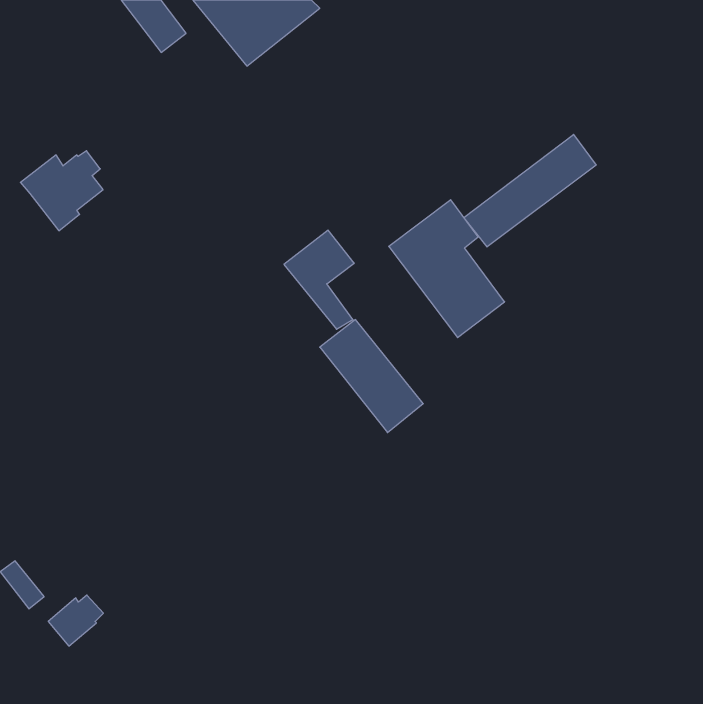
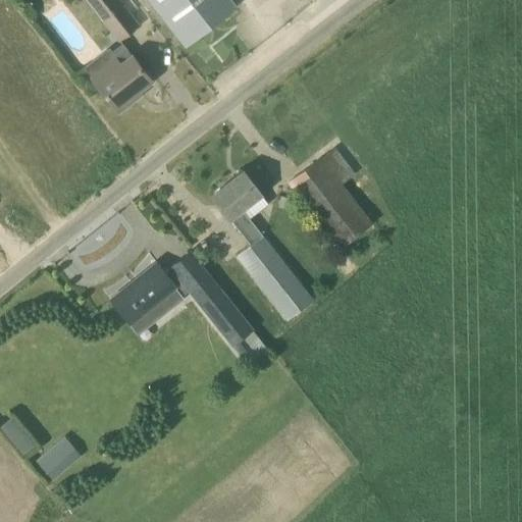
building: [464,134,596,247] -> none
building: [20,151,103,231] -> [91,52,152,111]
building: none -> [111,252,259,348]

